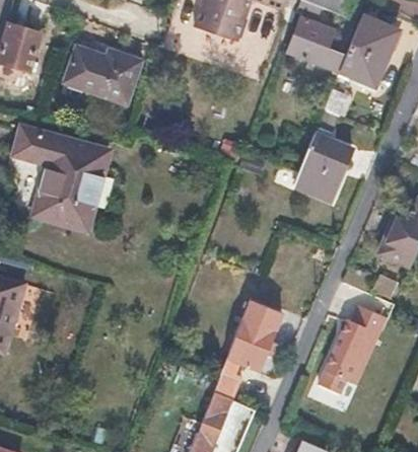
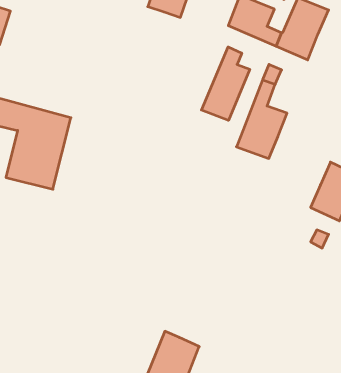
building: [68,47,141,102] -> none
building: none -> [201,47,250,120]
building: [214,299,285,397] -> none
building: [319,305,388,392] -> none

